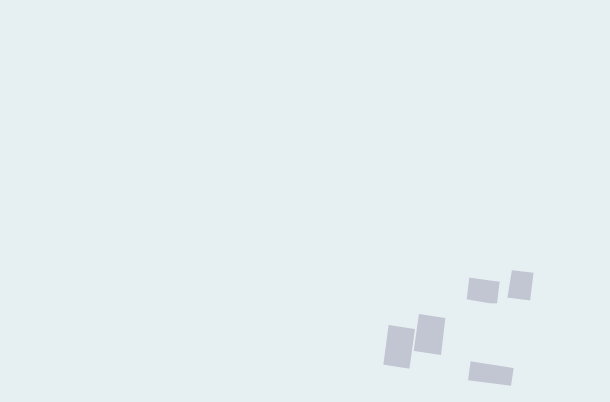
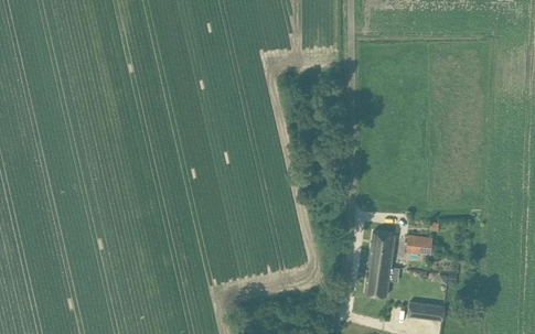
building: [507,269,534,301] -> none
building: [382,325,416,369] -> [368,231,395,267]

